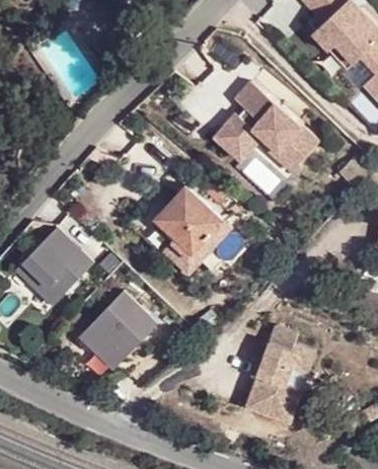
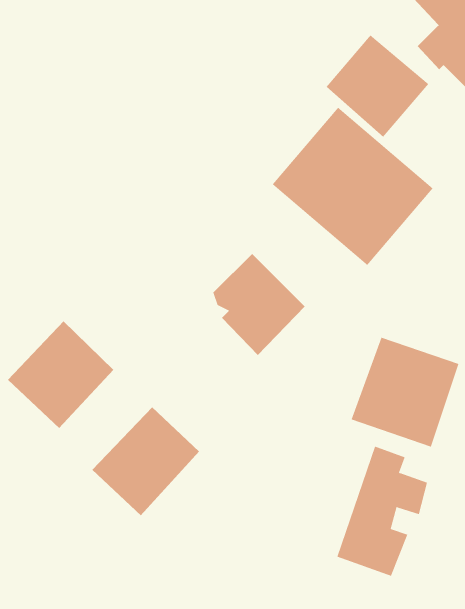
building: none -> [326,35,429,138]
building: none -> [351,337,459,447]

